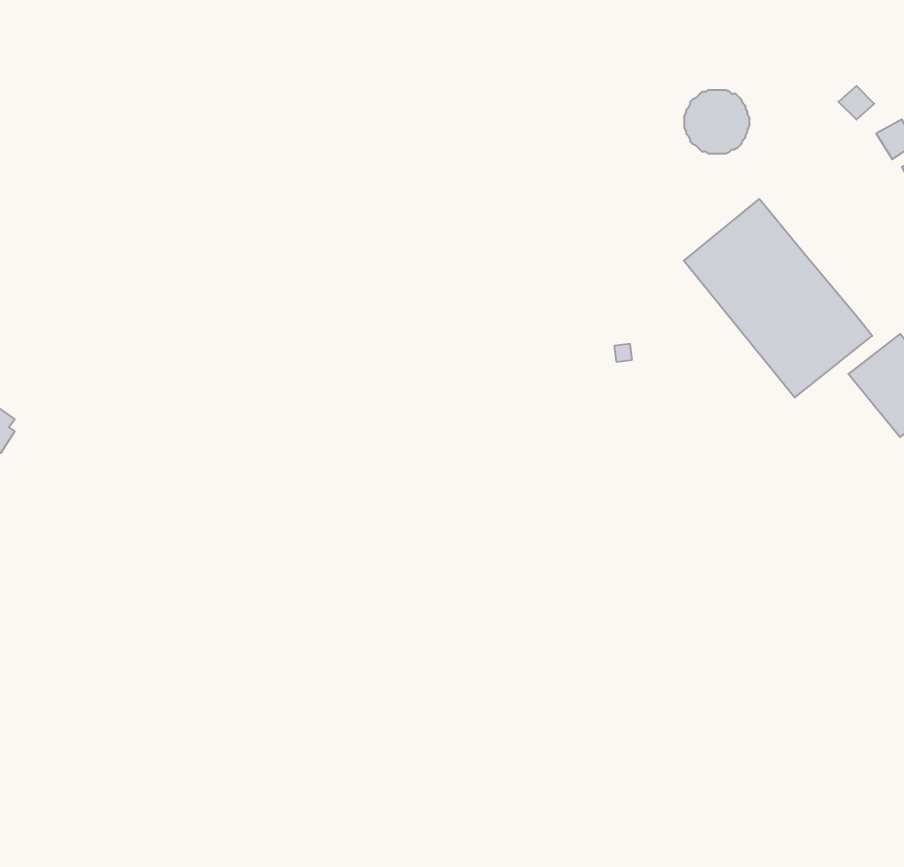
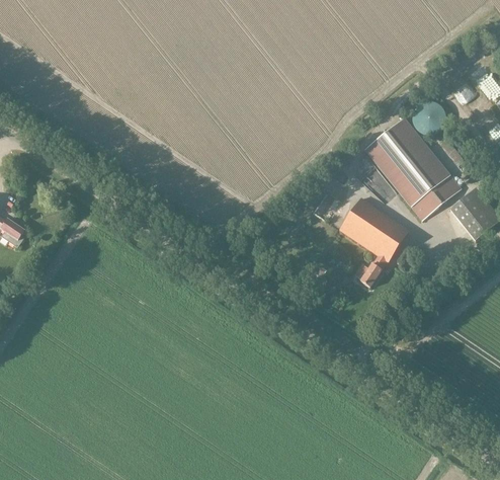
building: [684,90,750,154] -> [411,101,444,134]
building: none -> [339,197,408,287]

